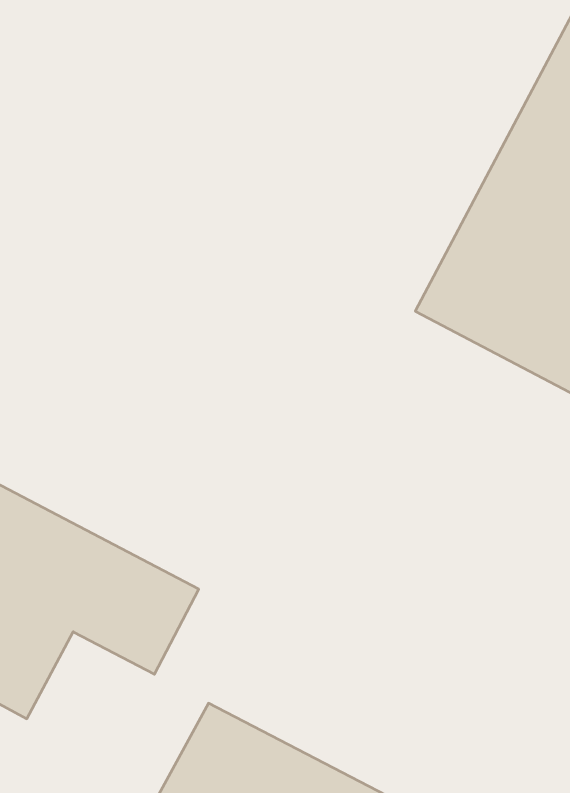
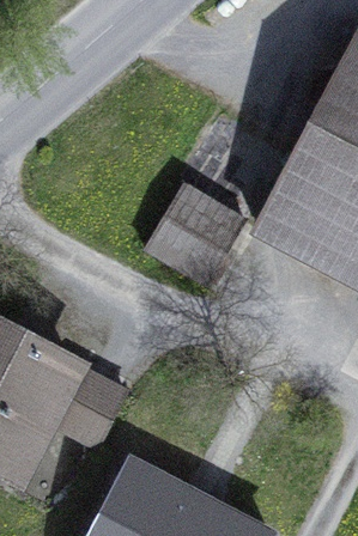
building: none -> [146,183,245,284]

